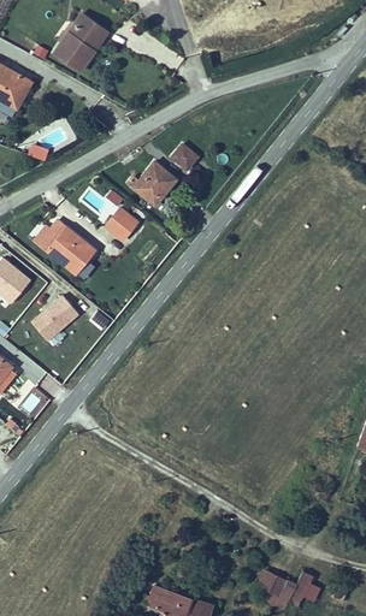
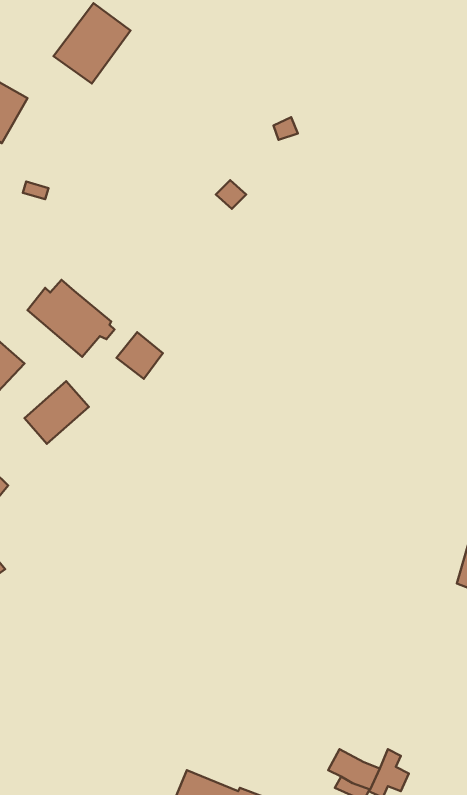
building: [129,161,176,205] -> none
building: [102,207,137,242] -> [116,332,163,379]

